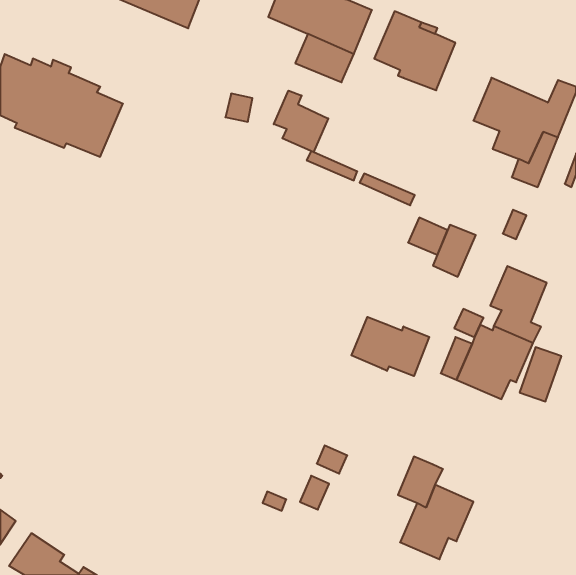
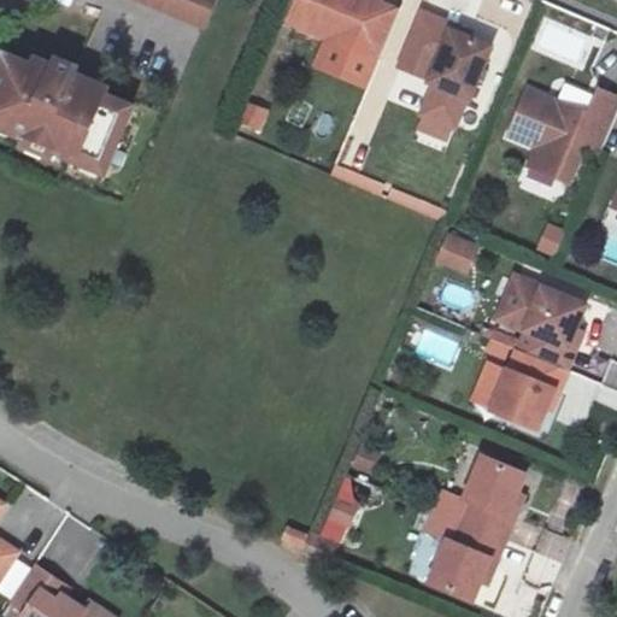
building: none -> [419,83,466,139]
building: [274,91,328,152] -> none
building: [433,225,476,277] -> [496,274,542,329]
building: [351,317,429,376] -> none
building: none -> [463,456,522,536]

